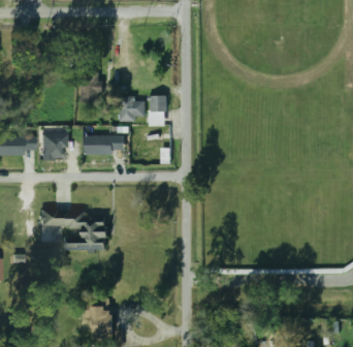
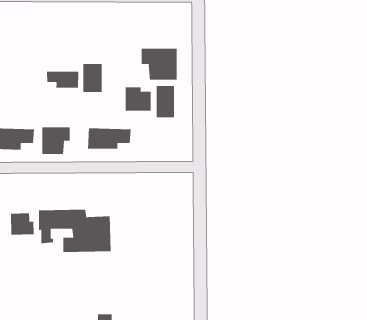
building: none -> [141,48,177,80]
building: none -> [46,71,79,88]
building: none -> [10,213,34,235]

